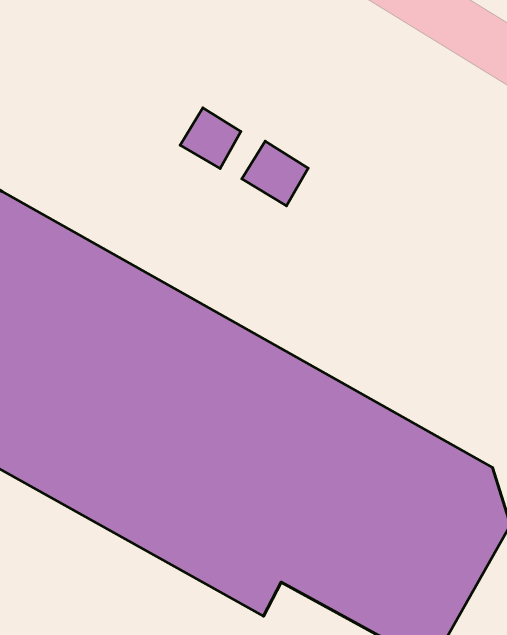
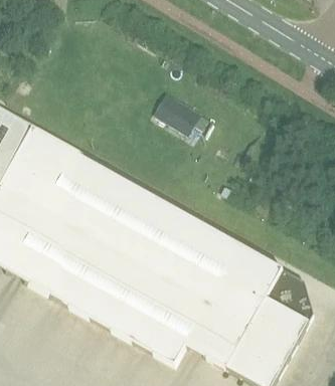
building: [180,108,241,168] -> none

